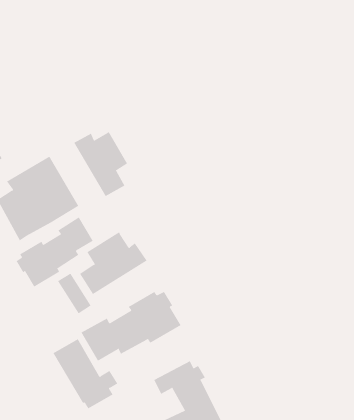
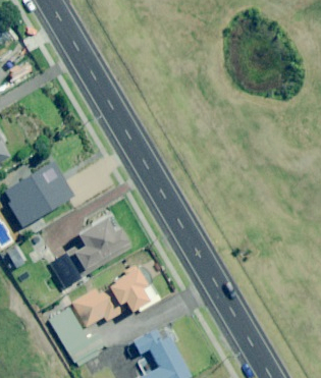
building: [74,131,128,197] -> none
building: [16,216,94,288] -> none

